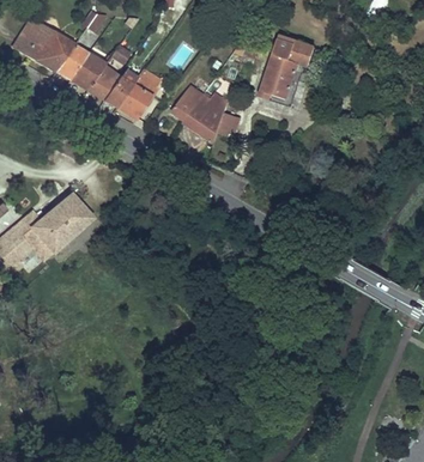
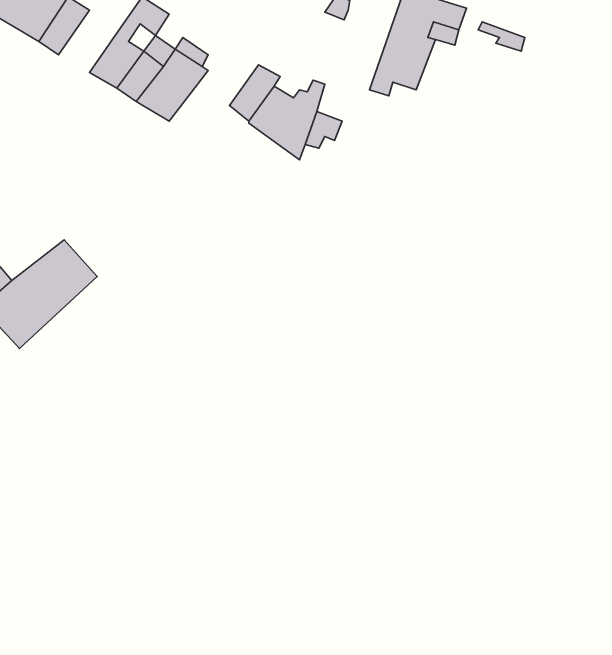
building: [67,51,105,90] -> none

